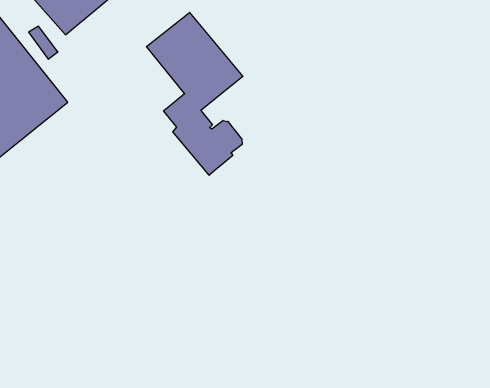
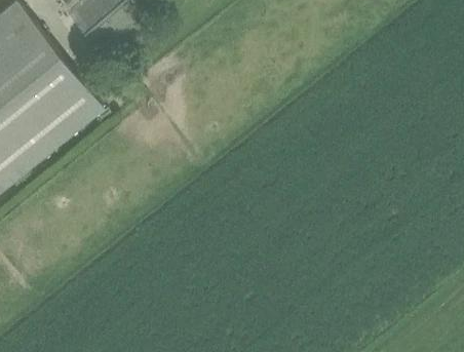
building: [147,12,243,175] -> none

